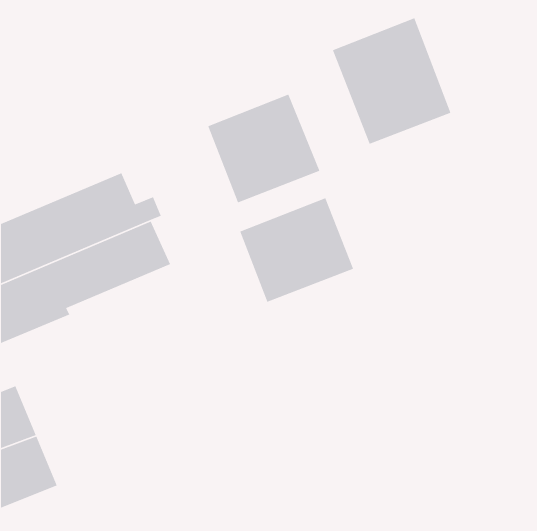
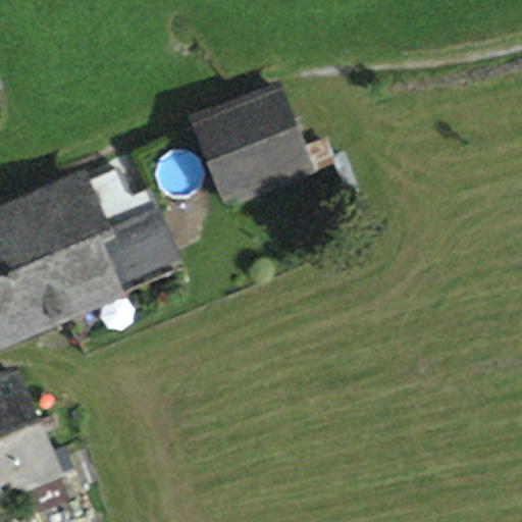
building: [332,17,452,145] -> none
building: [239,197,354,303] -> none

